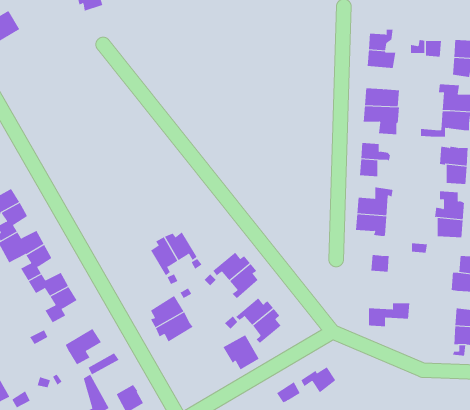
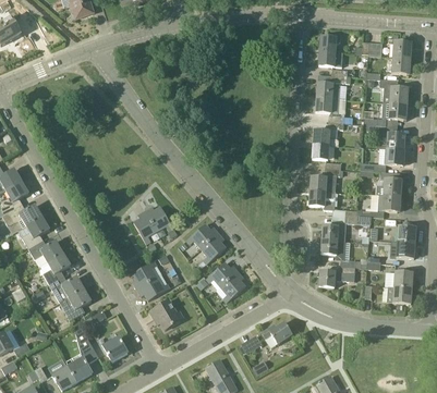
building: none -> [320,238,355,266]
building: none -> [49,275,84,302]
building: [222,335,259,370] -> [149,298,181,329]

